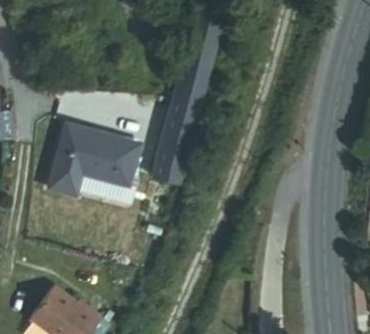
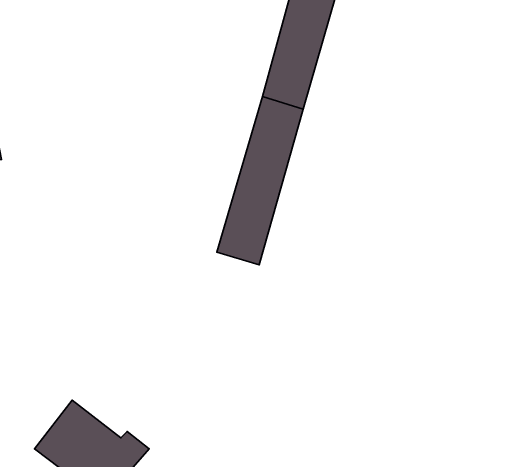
building: [49,126,142,198] -> none

